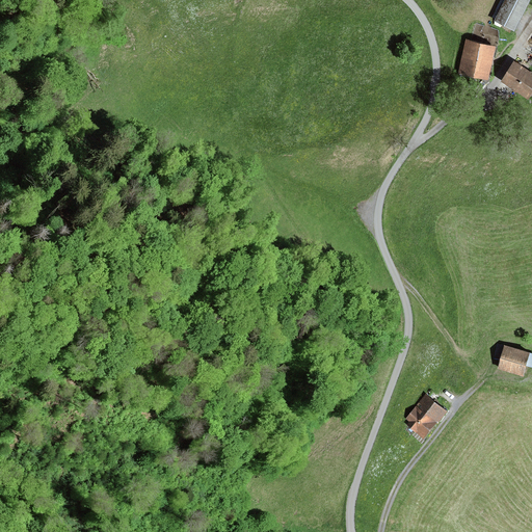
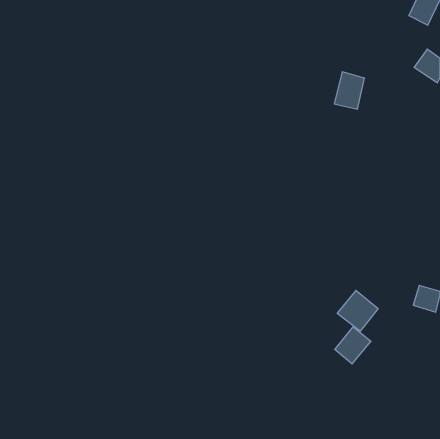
building: [457,39,494,84] -> [334,72,365,109]
building: none -> [337,290,378,331]

